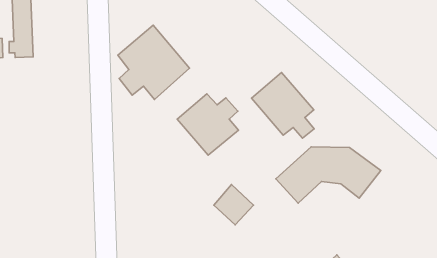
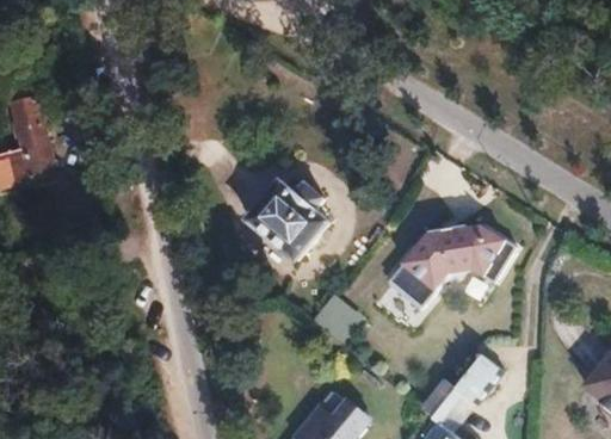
building: [118,25,190,99] -> none
building: [252,72,314,138] -> none

